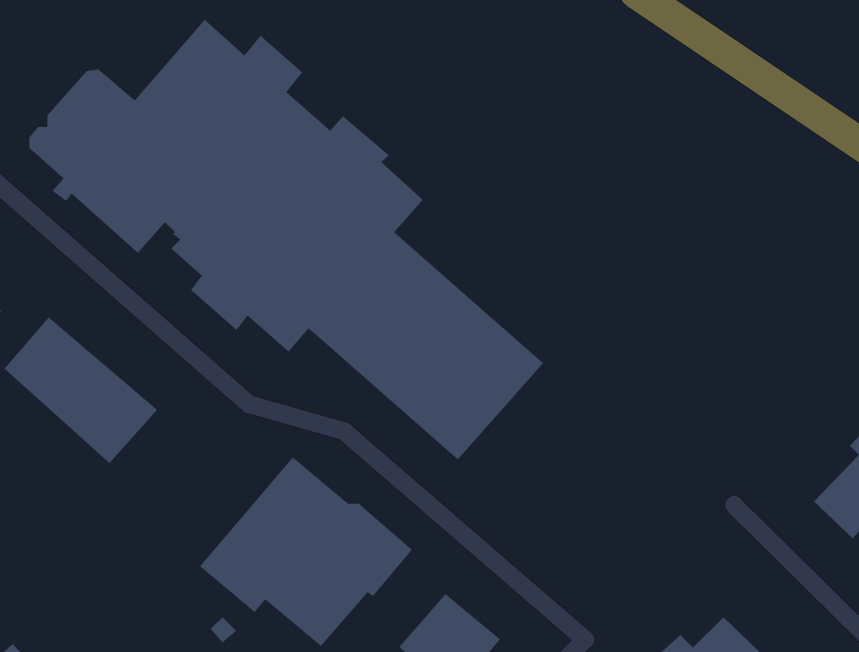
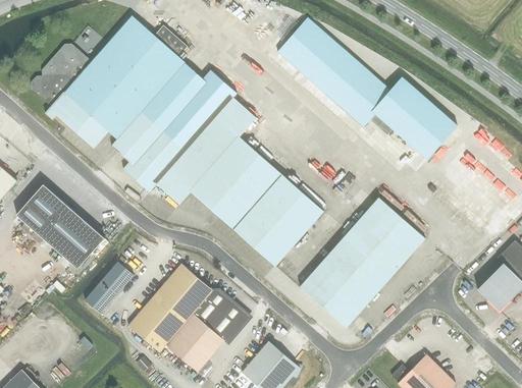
building: none -> [280,20,460,162]
building: none -> [300,198,425,328]
building: none -> [85,262,134,314]

